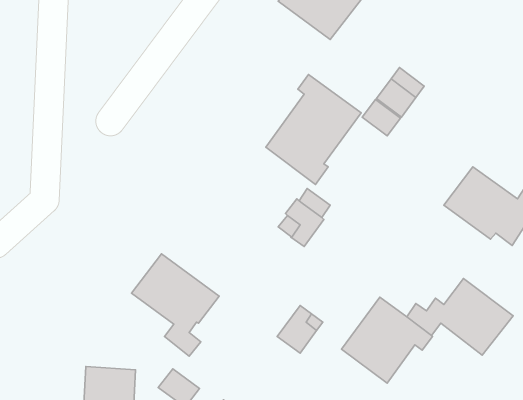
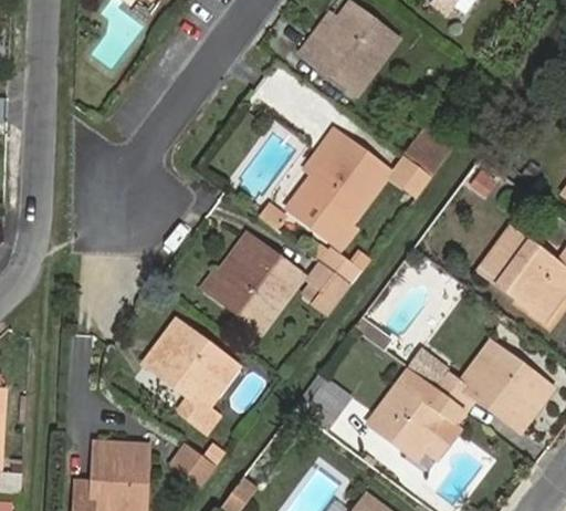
building: none -> [213,234,302,330]

